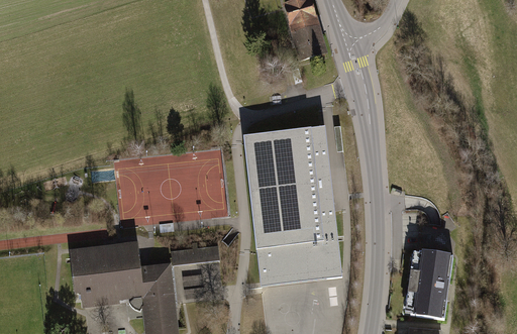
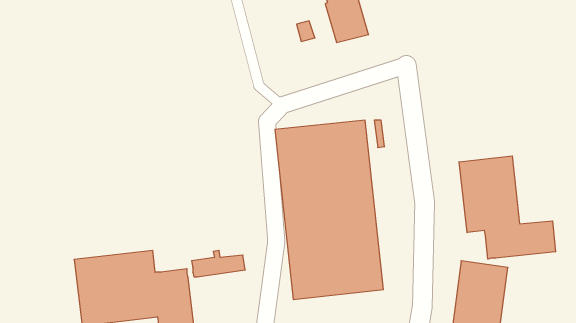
building: none -> [459,156,556,259]

